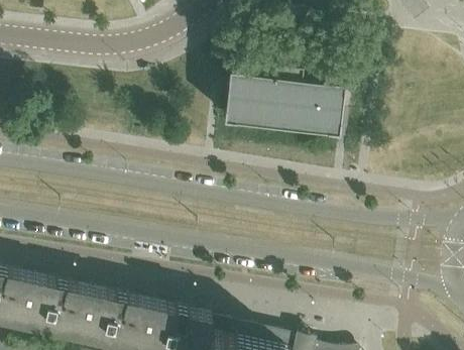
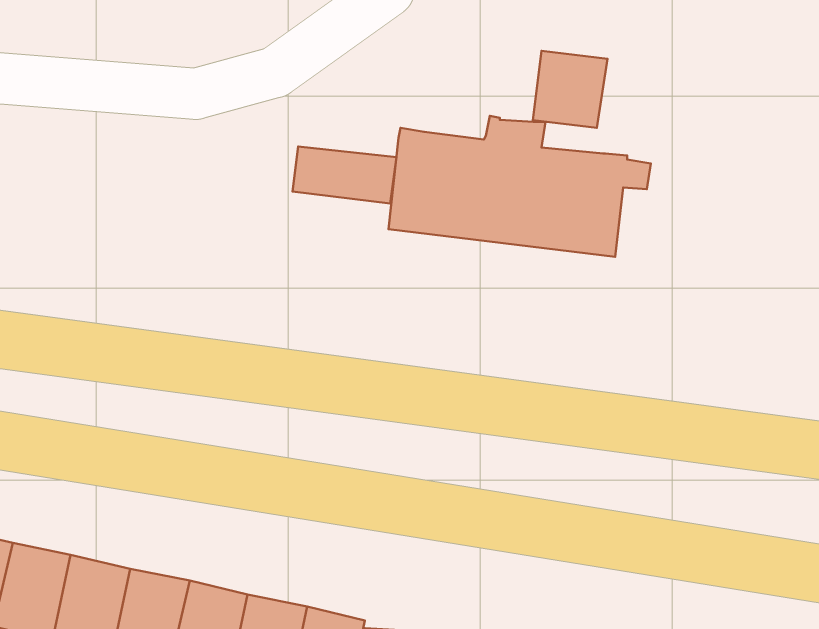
building: none -> [533,51,607,128]
building: none -> [292,147,396,203]

